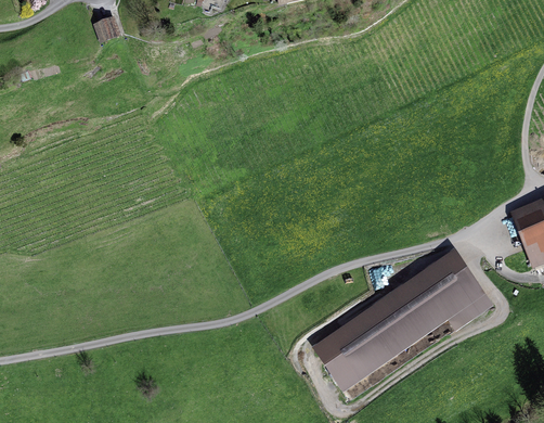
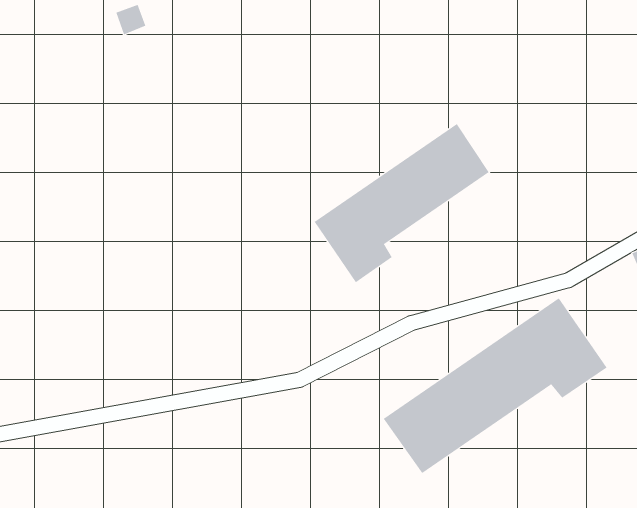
building: none -> [314,123,490,283]

